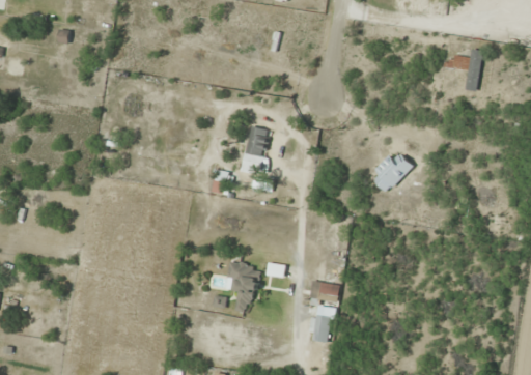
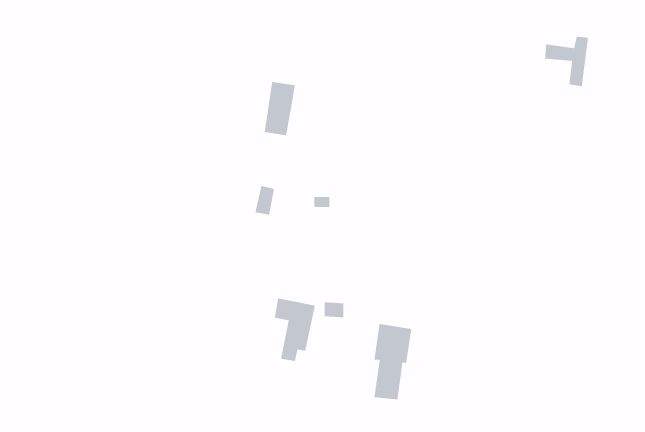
building: [242,126,268,171] -> [264,81,296,136]
building: [370,151,412,193] -> none

